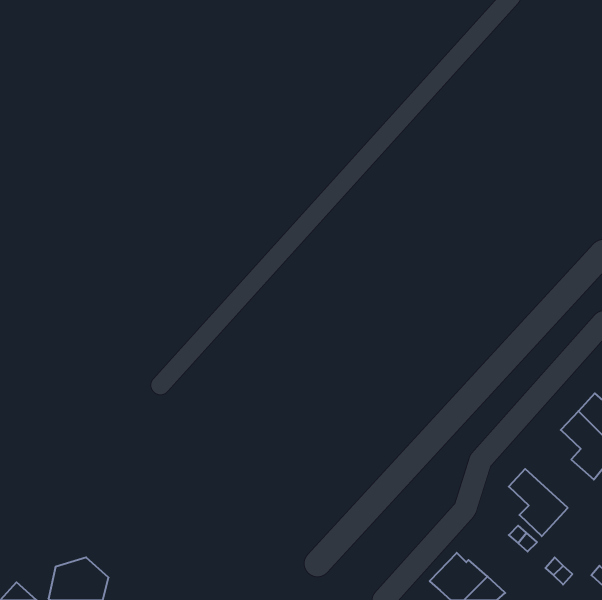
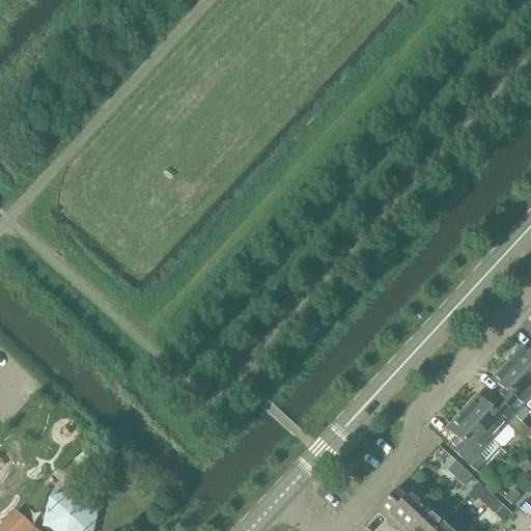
building: none -> [463,394,523,446]

